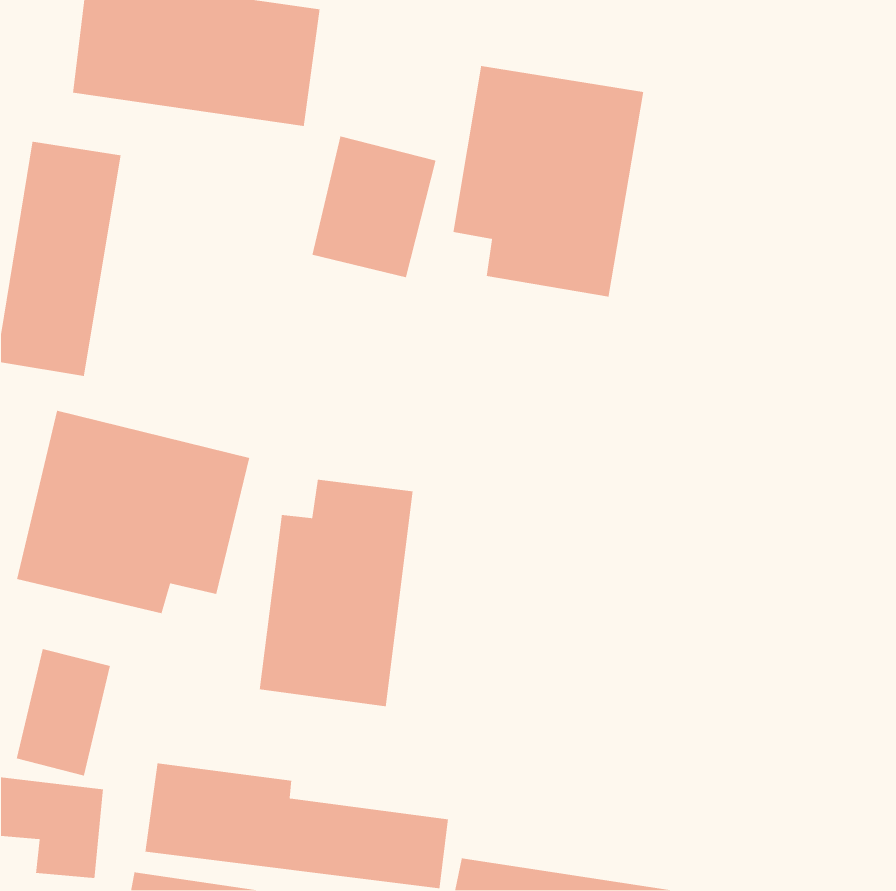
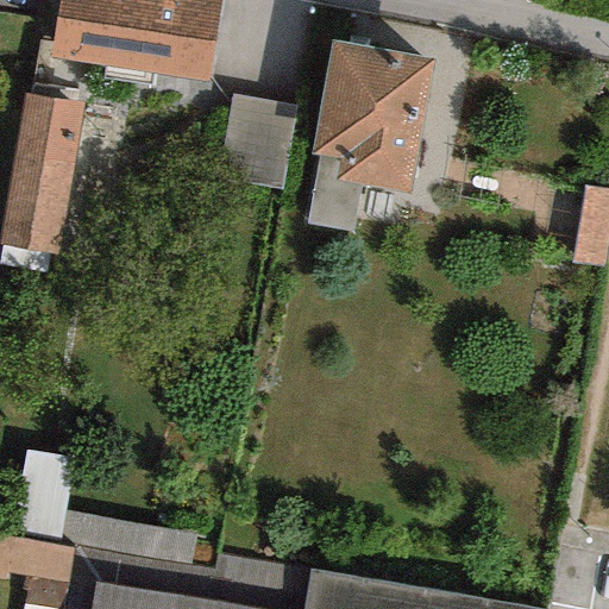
building: [16,410,250,614] -> none
building: [259,479,414,707] -> none

